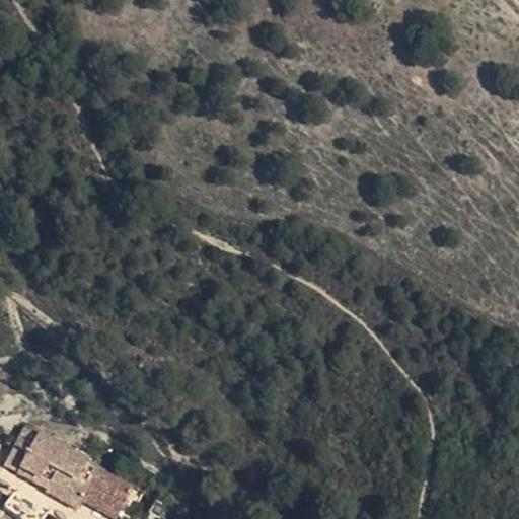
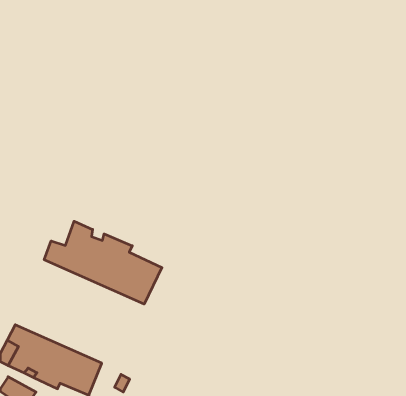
building: none -> [44,221,162,304]

